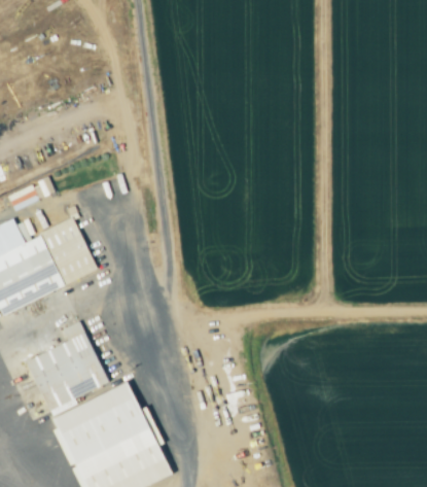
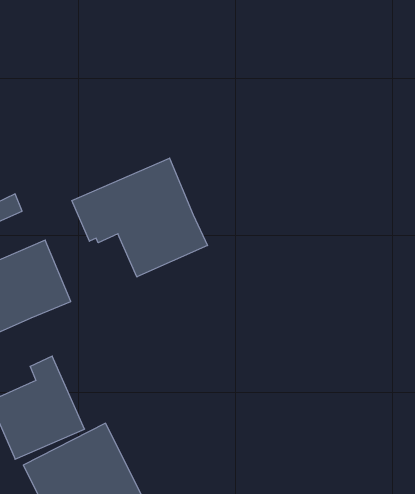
building: none -> [72,158,207,277]

